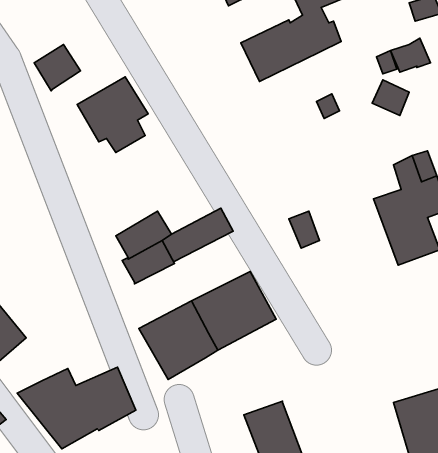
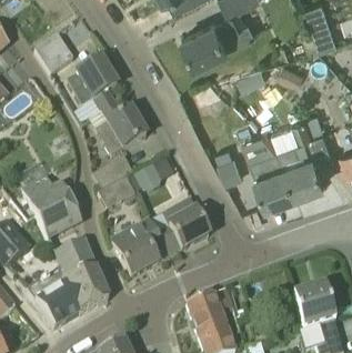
building: none -> [93,100,145,154]
building: none -> [249,145,296,203]
building: none -> [23,174,78,235]
building: none -> [53,240,94,280]

